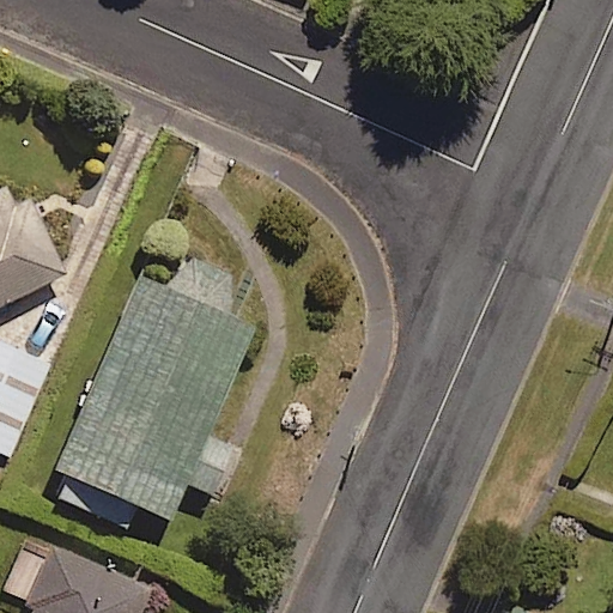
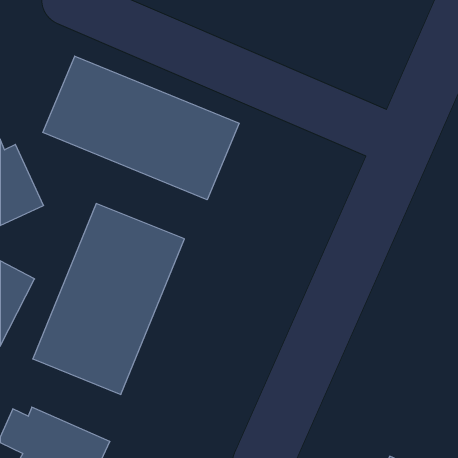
building: none -> [43,56,239,200]

